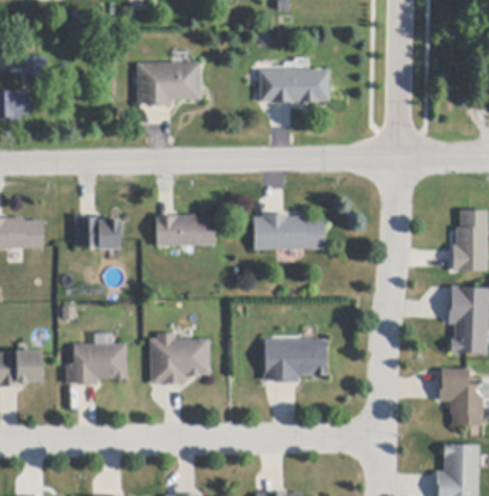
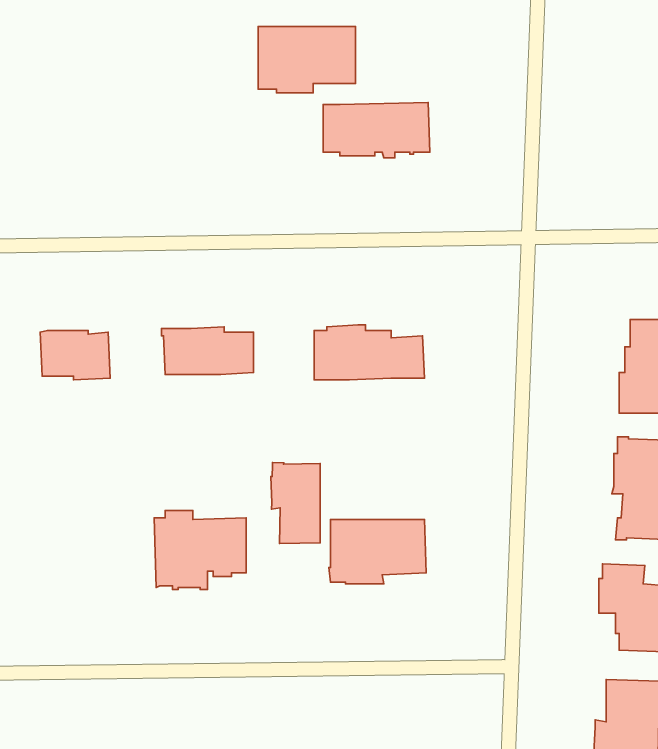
building: [136,62,200,105] -> [258,27,356,93]
building: none -> [271,462,320,543]
building: [66,343,127,385] -> none

